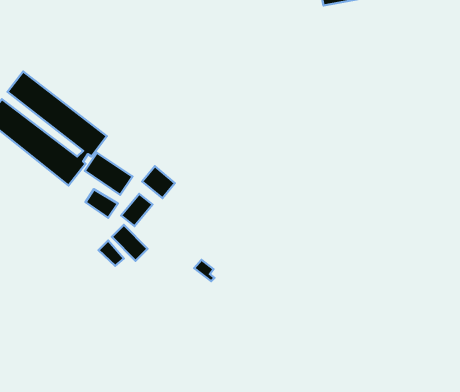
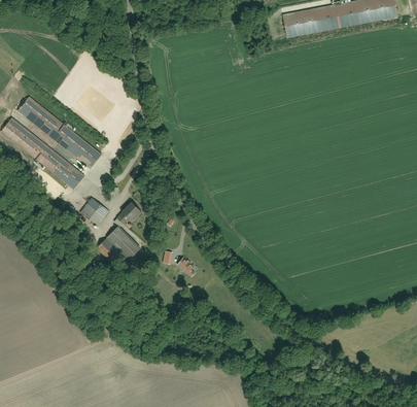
building: [85,153,132,195] -> none
building: [142,166,175,198] -> none

